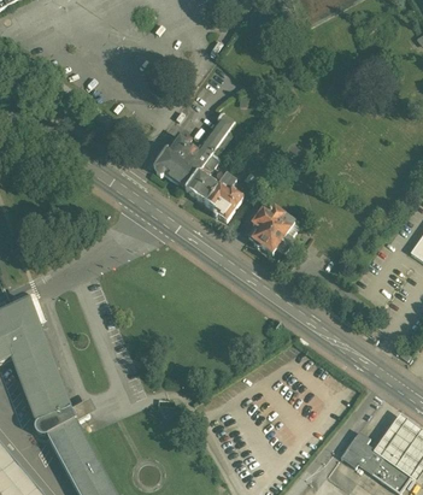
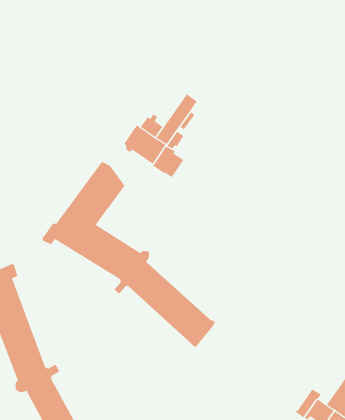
building: [206,173,243,220] -> none
building: none -> [42,161,215,348]
building: [248,208,299,254] -> none

